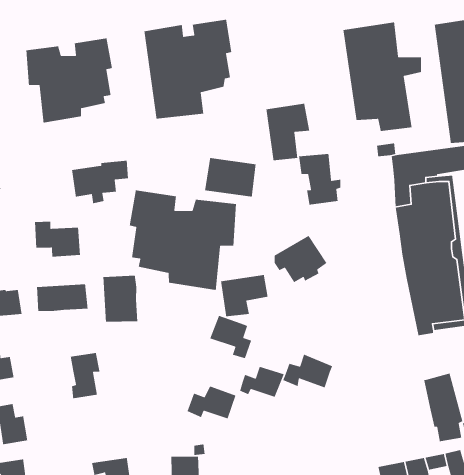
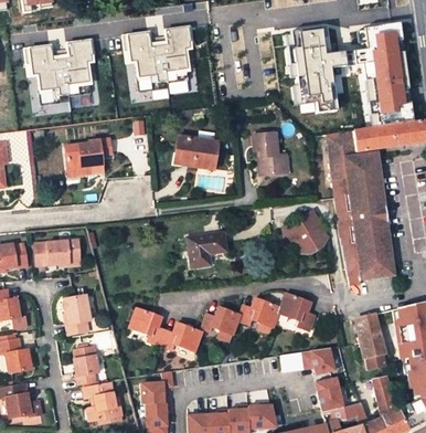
building: [265,103,310,161] -> none
building: [129,189,237,291] -> none
building: [34,221,81,257] -> none
building: [274,235,328,283] -> [284,212,328,252]
building: [103,275,138,323] -> none
building: [209,315,252,359] -> [129,308,164,345]
building: none -> [277,293,313,330]
building: none -> [280,346,339,374]
building: none -> [71,348,96,384]

